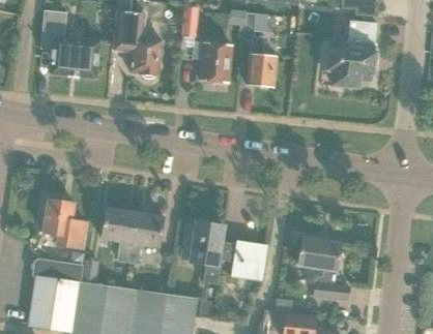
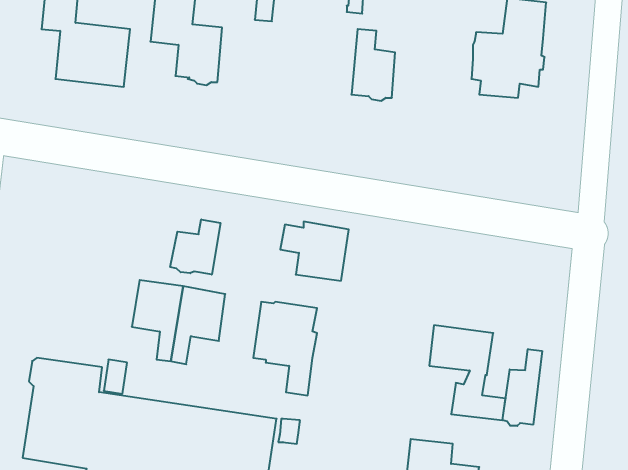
building: [191,40,231,84] -> none
building: none -> [170,219,220,275]
building: [42,199,88,247] -> none
building: [221,240,266,279] -> [280,222,349,281]
building: none -> [503,349,542,426]

